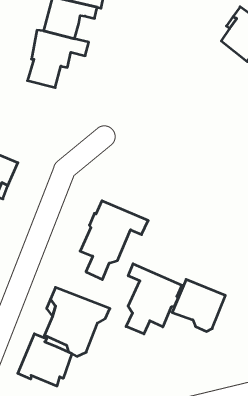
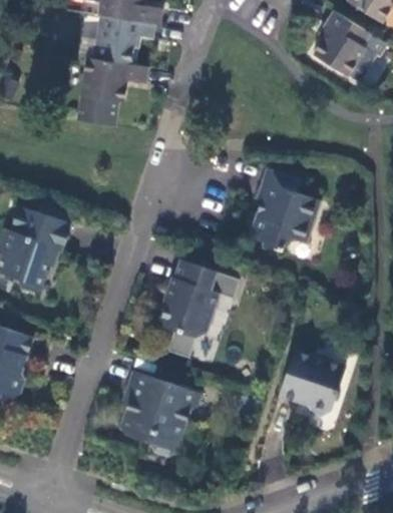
building: none -> [249,169,318,253]
building: [126,264,182,334] -> none
building: [18,334,72,386] -> none

